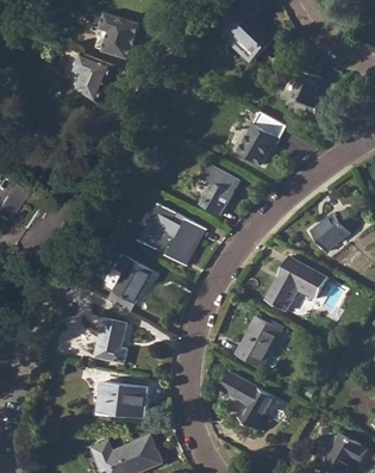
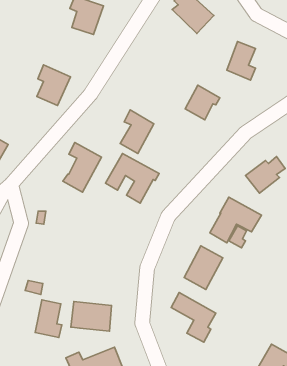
building: [71,52,112,101] -> [37,65,70,105]
building: [198,163,238,216] -> [120,110,154,153]
building: [106,253,152,312] -> [63,142,102,192]
building: [95,317,127,362] -> [35,300,62,338]

